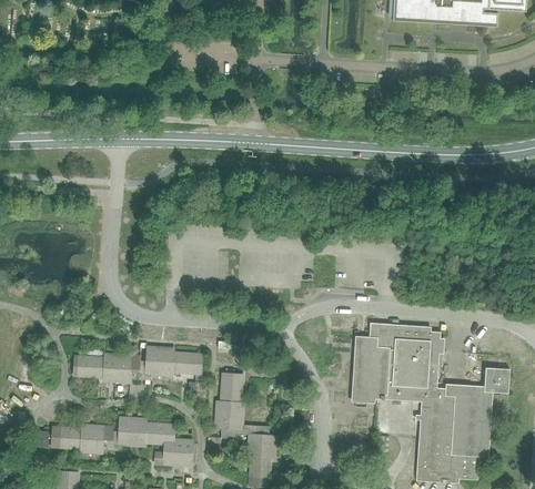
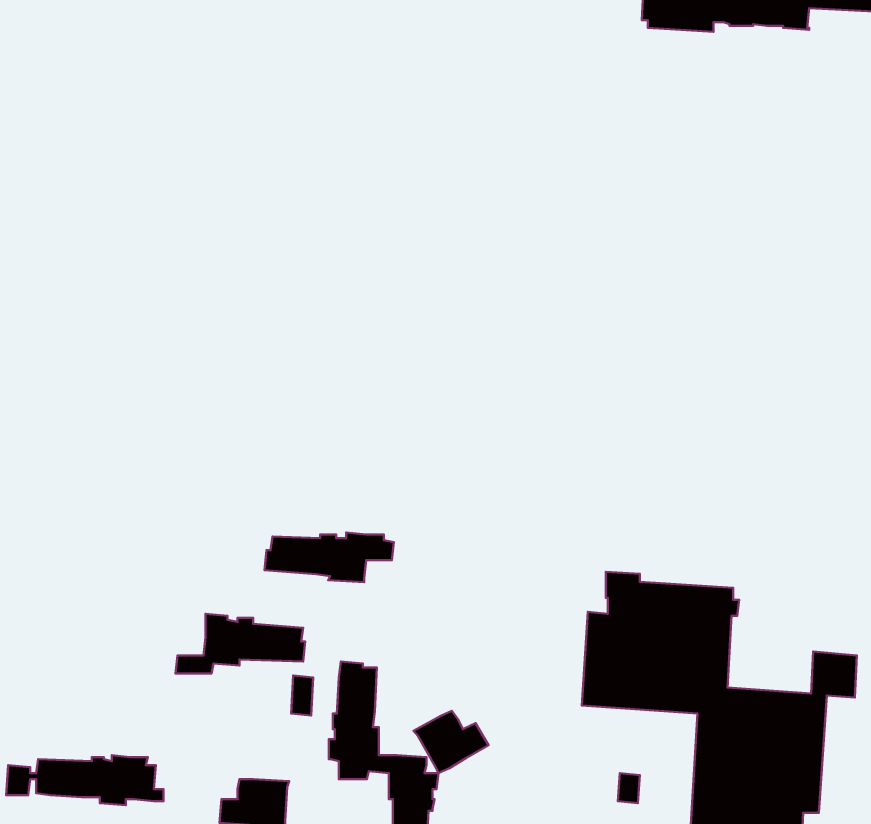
building: [73,354,145,381] -> [264,532,394,582]
building: none -> [413,711,488,773]
building: [117,417,173,445] -> none

